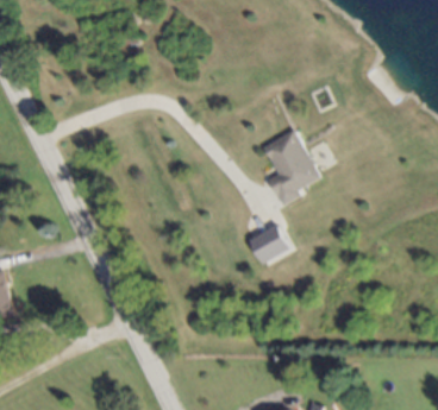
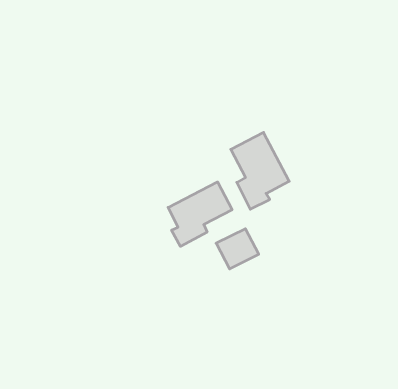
building: none -> [168,182,232,246]

